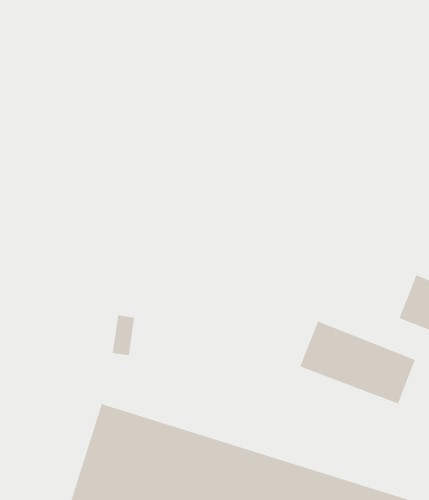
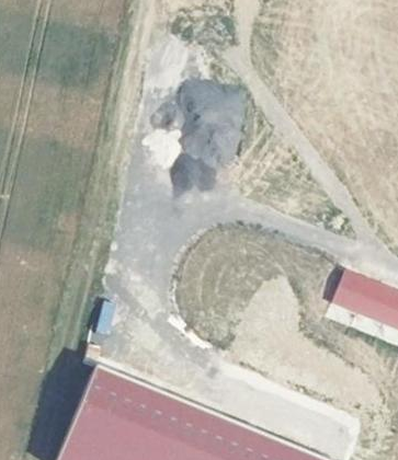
building: [299,321,416,405] -> none

